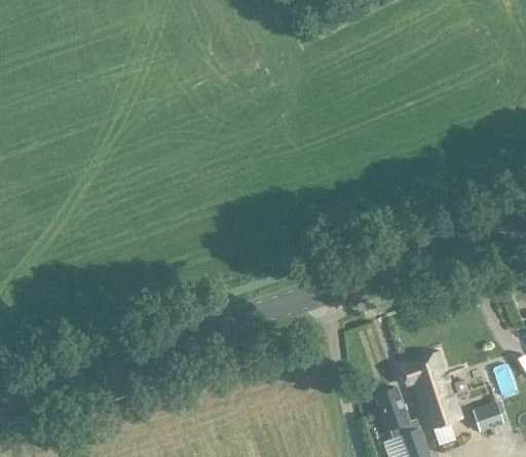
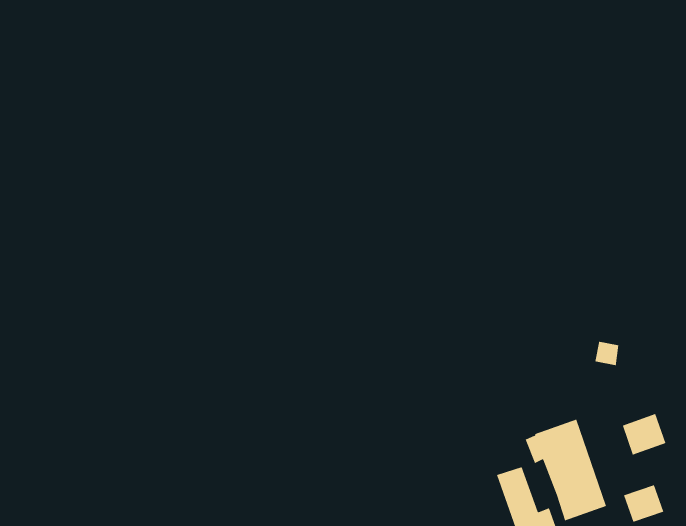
building: none -> [622,413,666,455]

